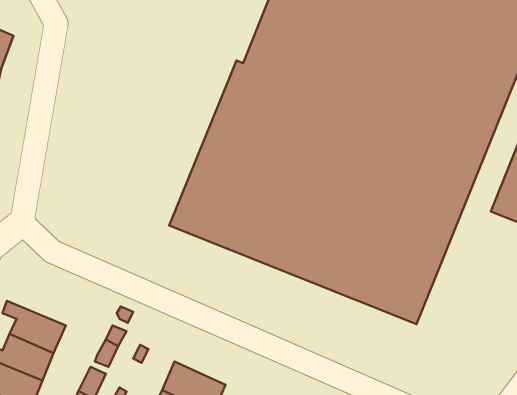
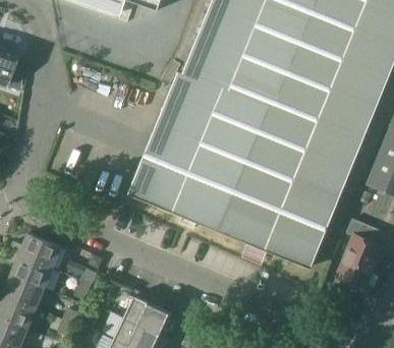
building: none -> [337,219,382,288]
building: none -> [8,233,61,269]

